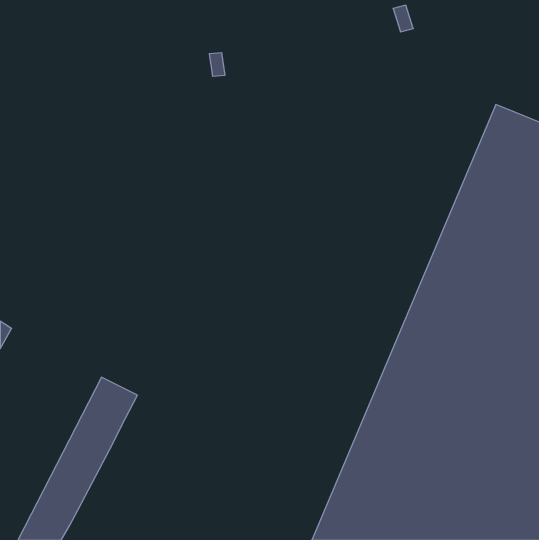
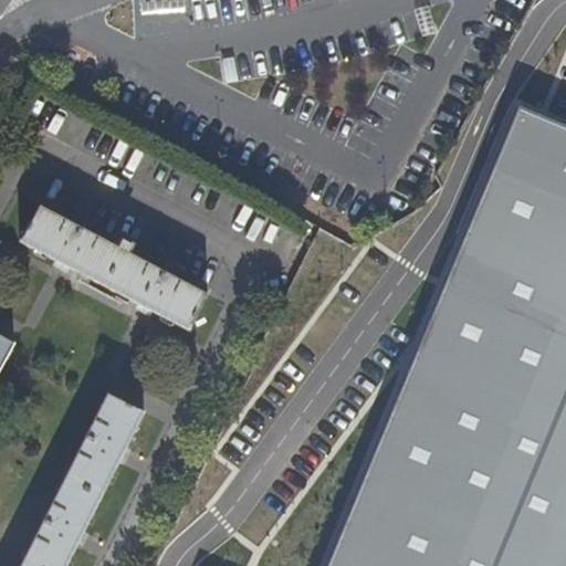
building: none -> [20,205,206,329]

